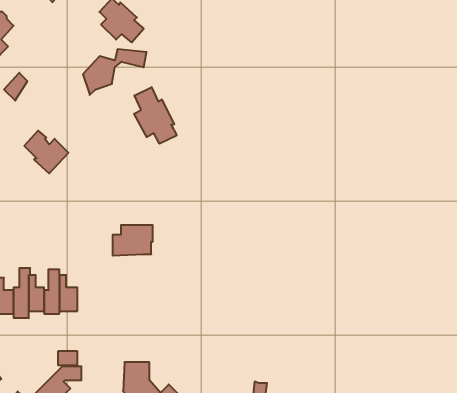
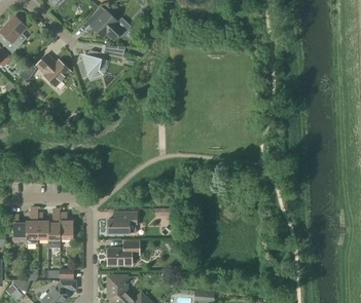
building: [134,87,177,144] -> none
building: [24,131,68,173] -> [36,53,69,85]
building: [113,225,153,256] -> [107,212,137,234]
building: none -> [107,240,140,265]

